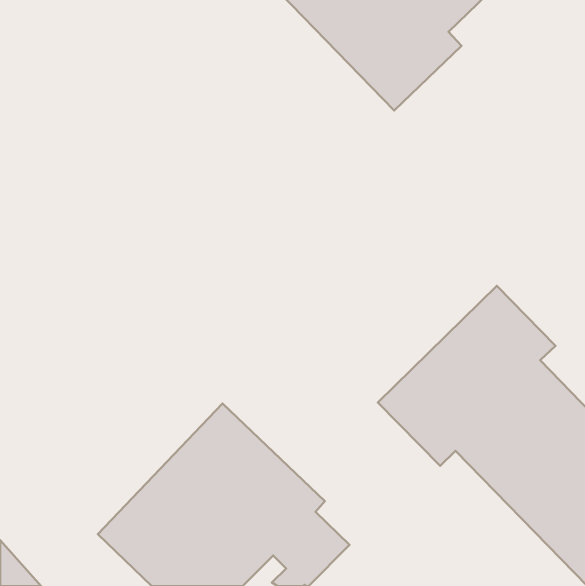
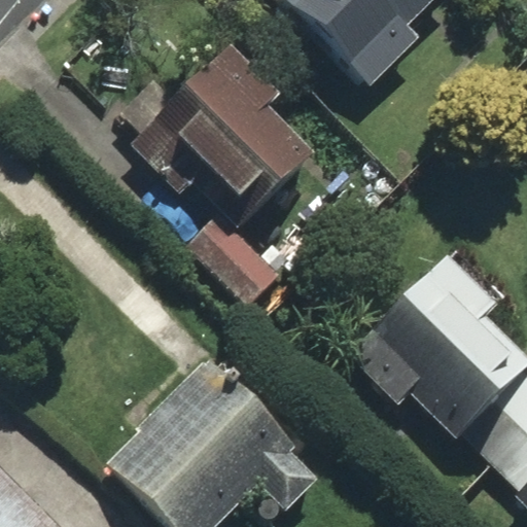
building: none -> [159,42,322,306]

